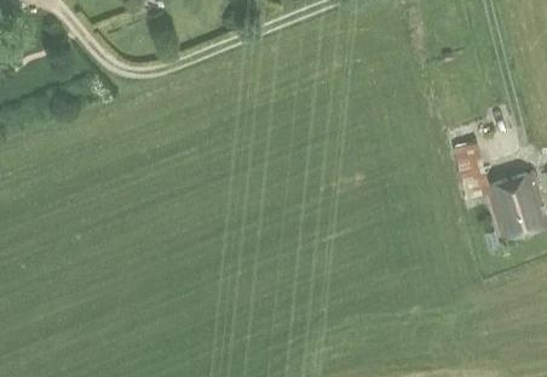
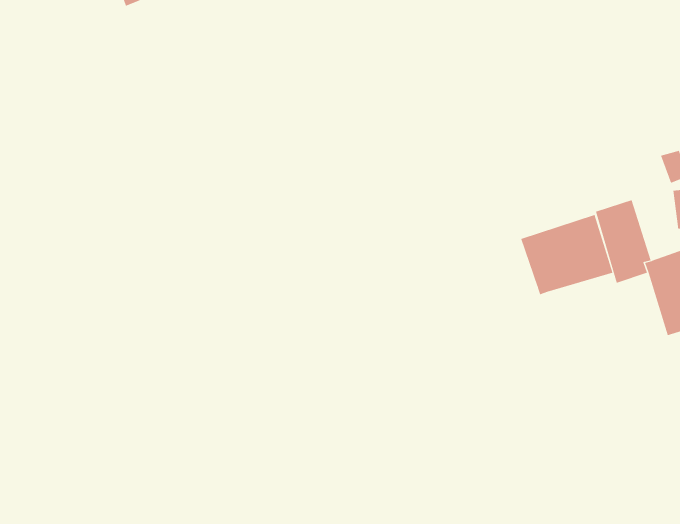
building: none -> [521,214,613,295]

